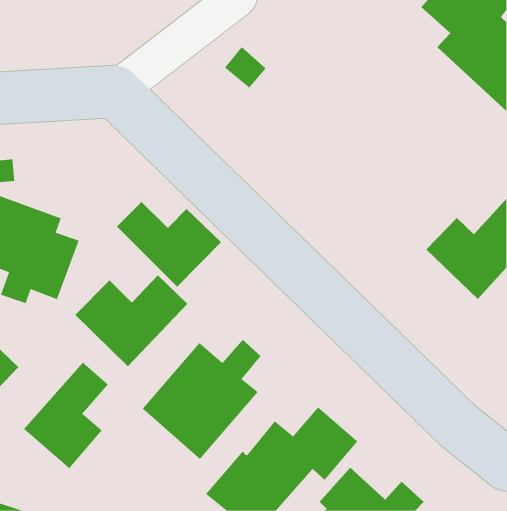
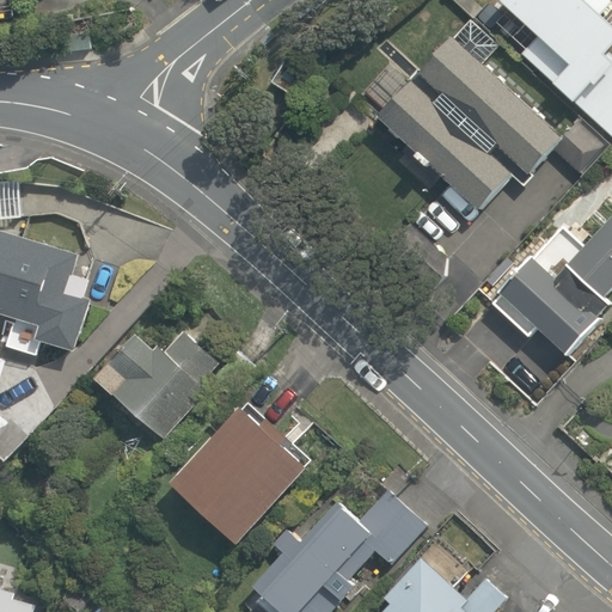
building: none -> [390,41,579,228]
building: [116,201,222,288] -> none
building: [23,362,109,469] -> none

